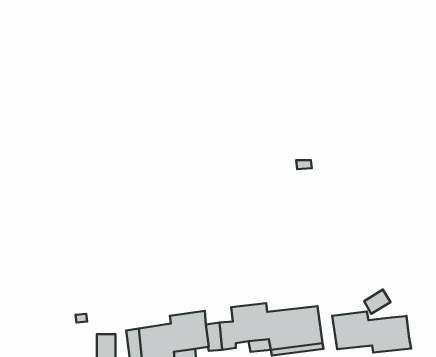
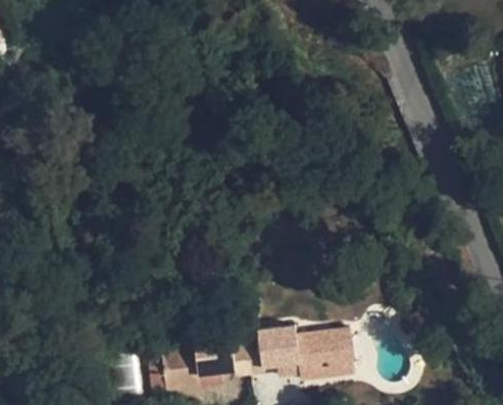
building: [332,311,411,353] -> none

